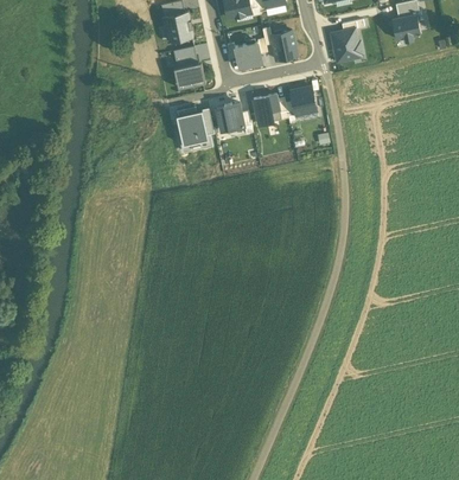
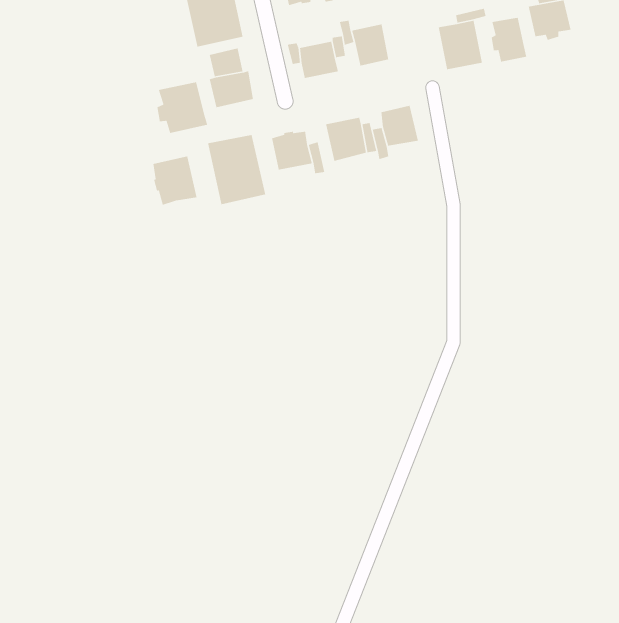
building: none -> [491,16,527,62]
building: none -> [157,81,208,134]
building: none -> [152,156,198,206]

